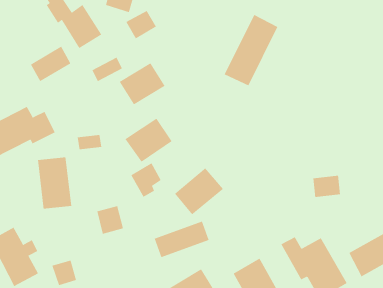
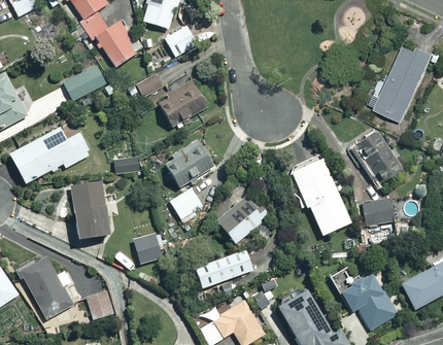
building: [224,14,278,86] -> [374,44,432,120]
building: none -> [350,131,402,181]
building: none -> [289,156,352,235]

